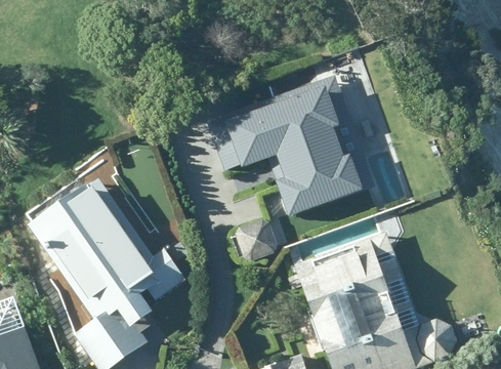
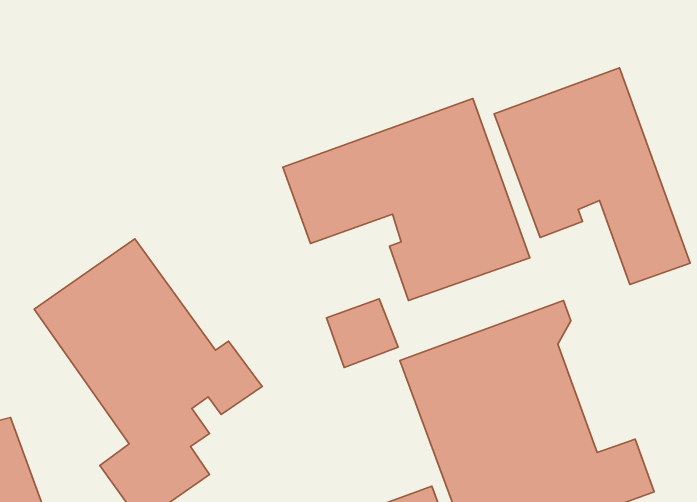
building: none -> [494,68,690,284]

